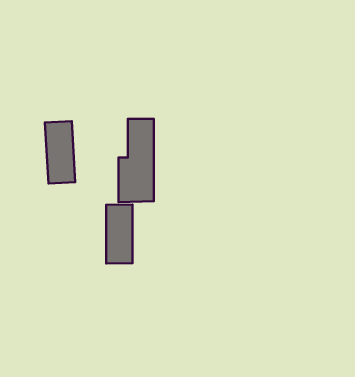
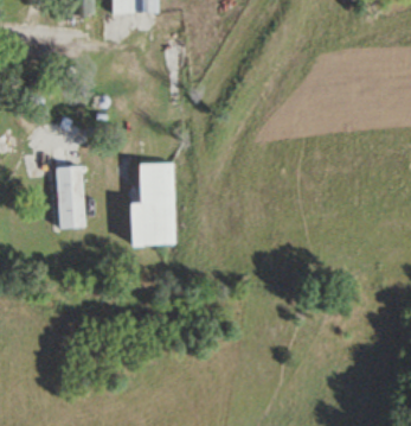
building: [106,204,133,263] -> none

